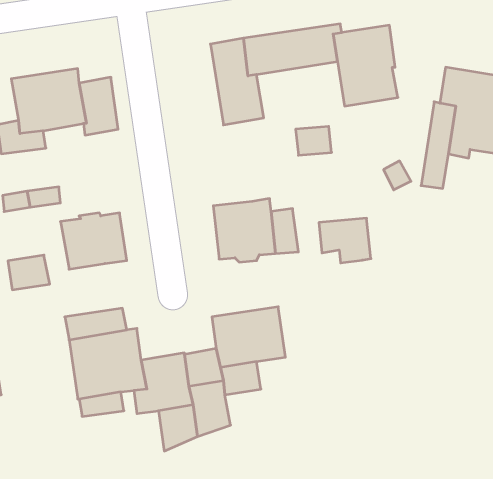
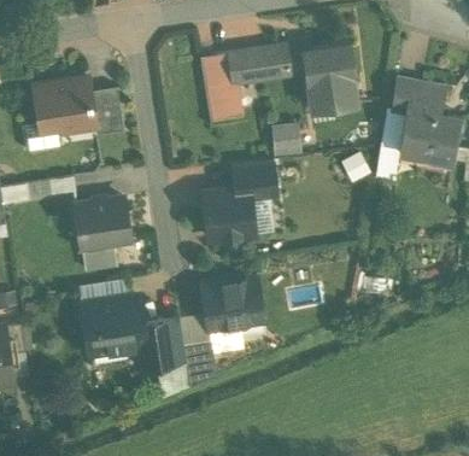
building: [319,218,371,263] -> [233,160,276,198]
building: [8,255,50,290] -> [82,241,117,270]

